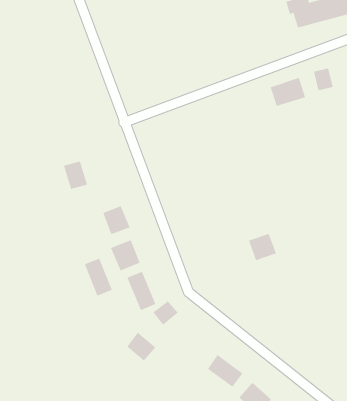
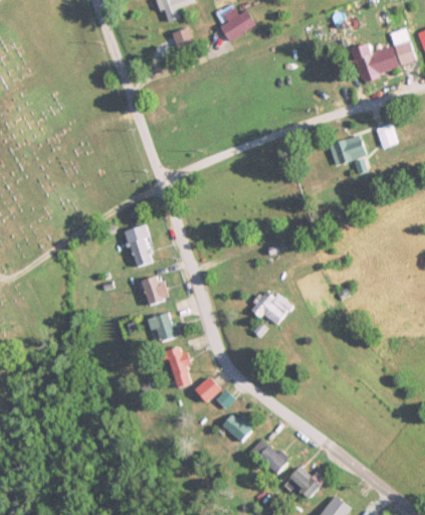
building: [63,161,88,190] -> [128,235,155,267]
building: [248,233,277,261] -> [254,293,285,323]
building: [84,258,112,296] -> none
building: [127,332,156,361] -> [223,409,255,442]

